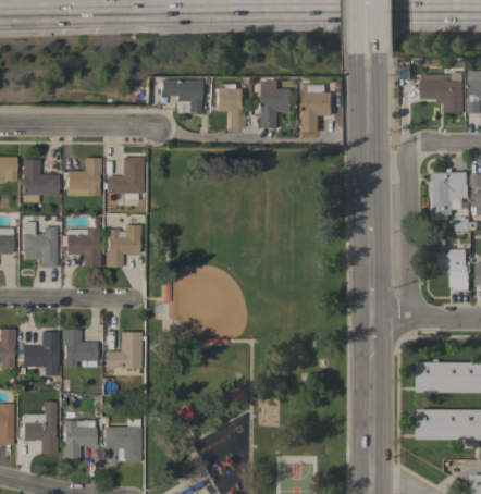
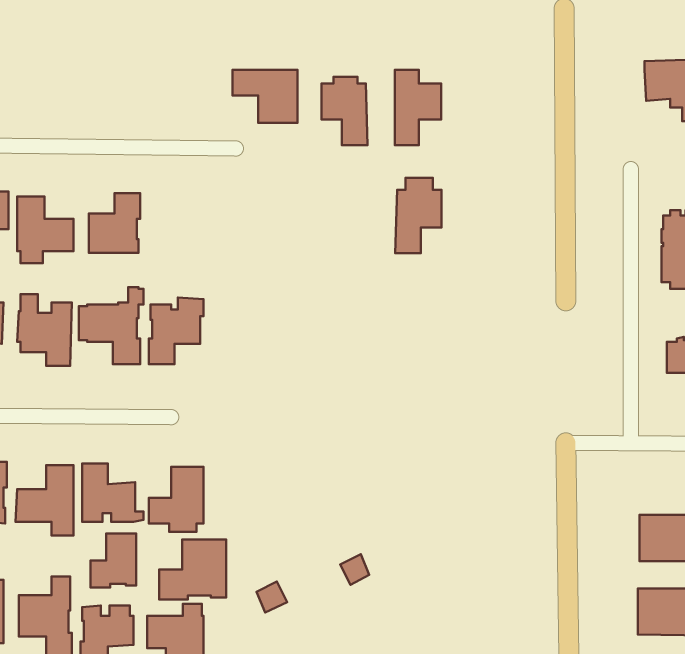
building: [303,84,332,132] -> [395,178,441,253]
building: [107,157,143,200] -> none
building: none -> [90,533,136,587]
building: none -> [159,539,226,599]

